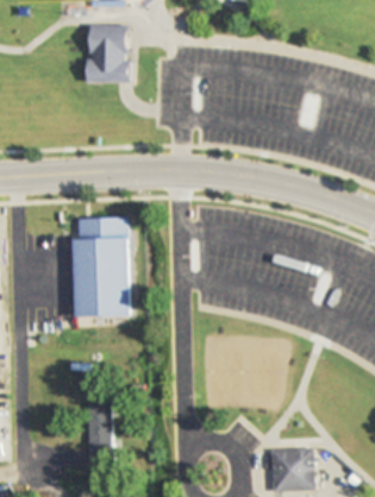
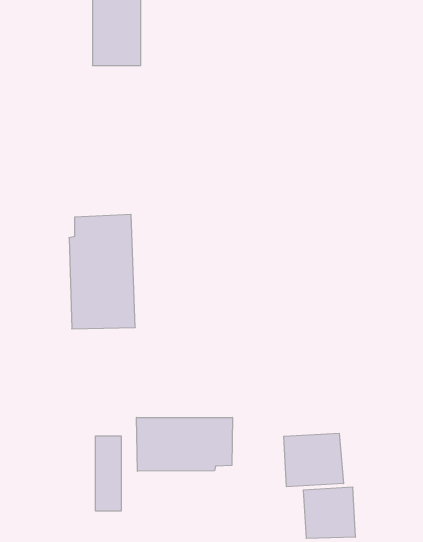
building: none -> [137,417,232,471]
building: none -> [284,433,344,487]

